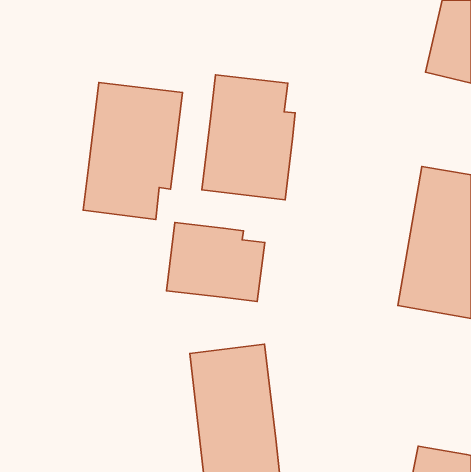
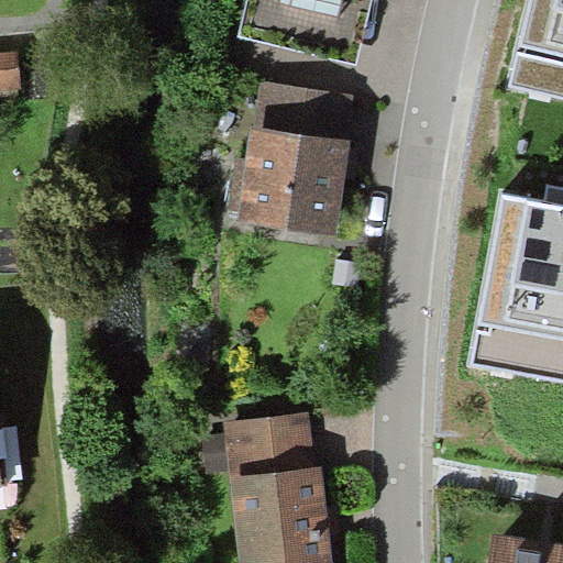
building: [83,82,182,219] -> none
building: [167,222,265,302] -> none

